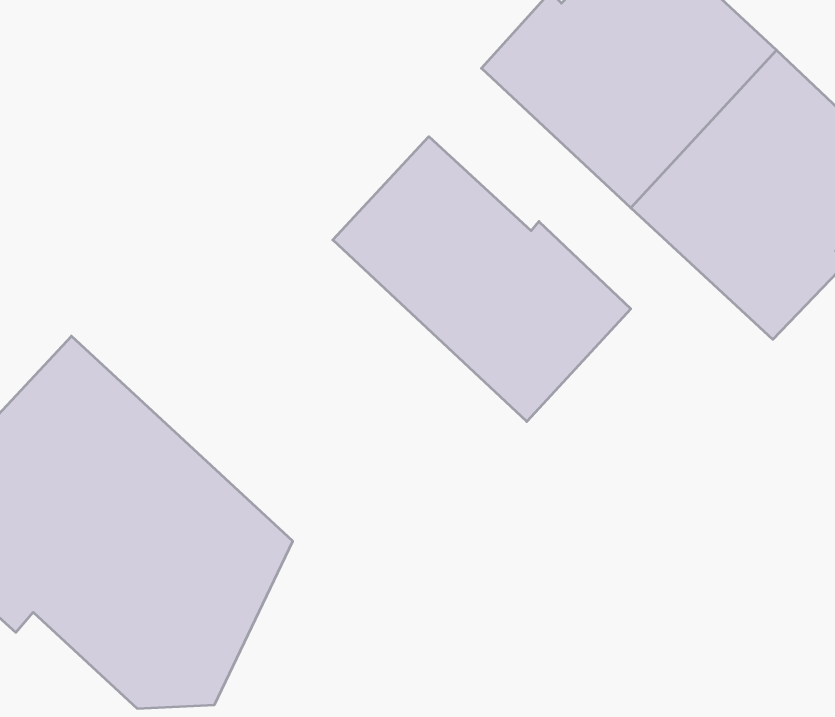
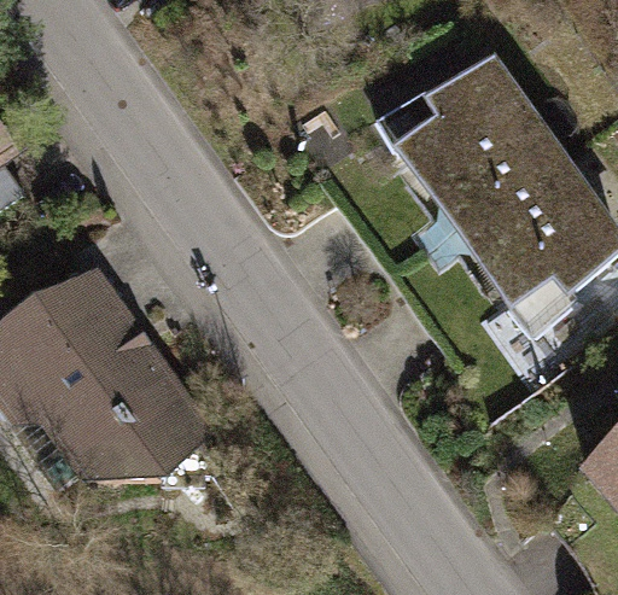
building: [333,137,631,422] -> none

